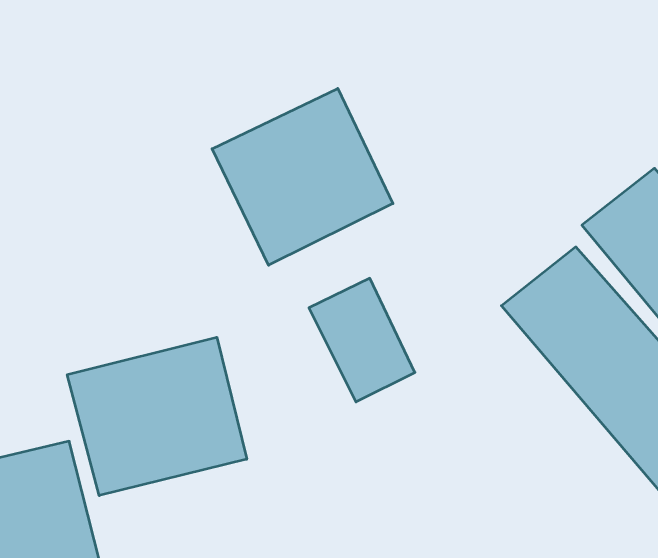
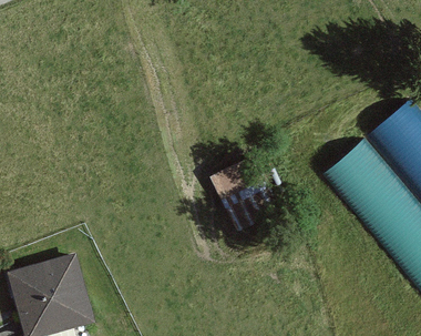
building: [212,88,393,265] -> none
building: [67,337,247,496] -> none

